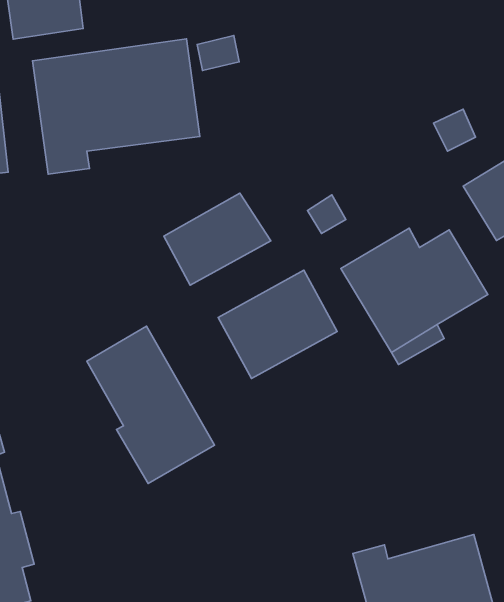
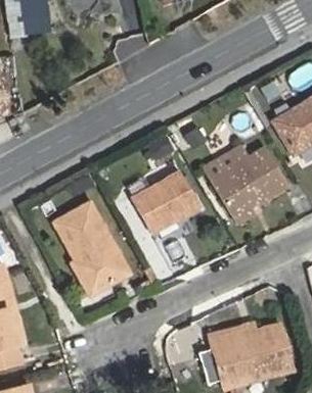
building: [33,39,200,174] -> none
building: [164,193,271,285] -> none

